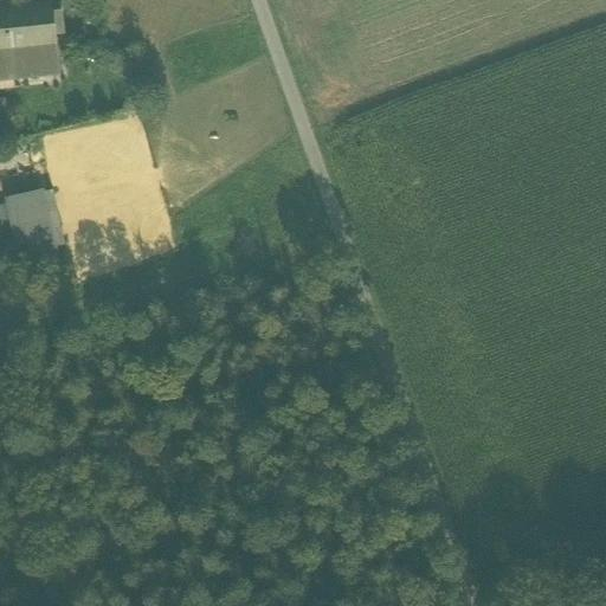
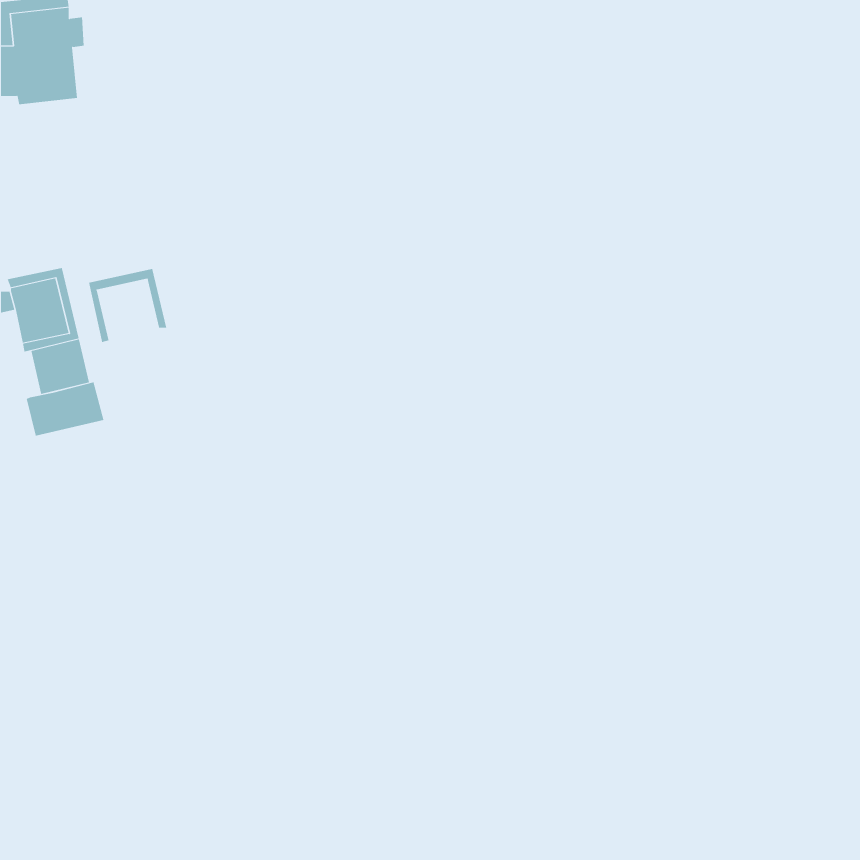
building: none -> [89,268,167,343]
building: none -> [26,382,104,436]

